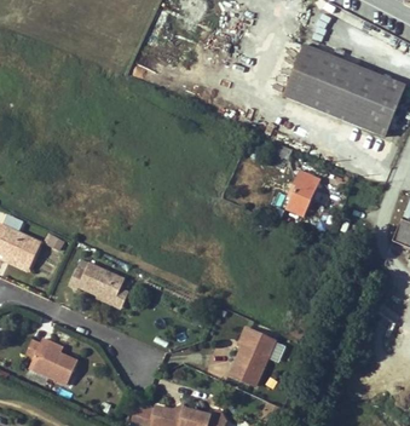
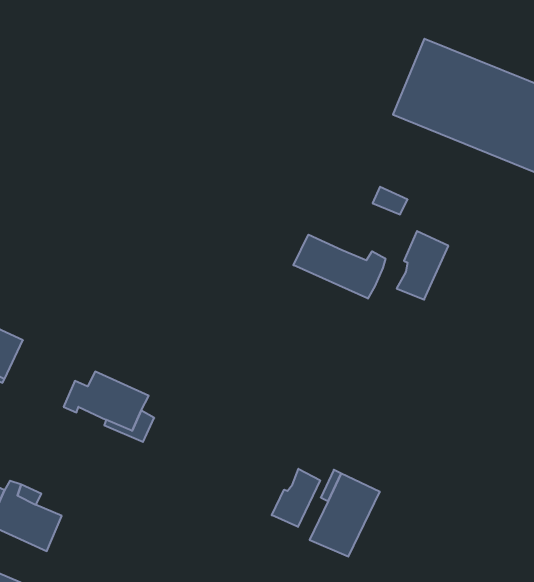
building: none -> [293,235,385,299]
building: none -> [272,469,320,527]

